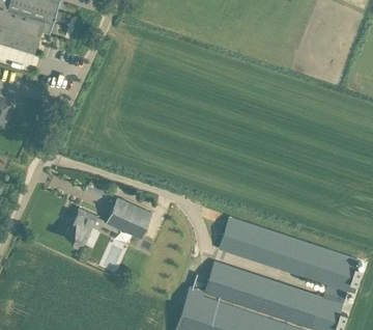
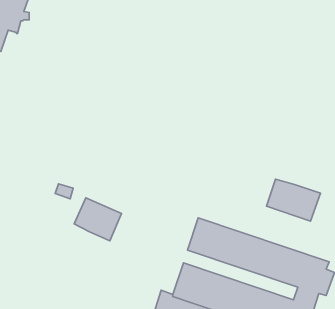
building: none -> [266,179,321,221]
building: [63,208,95,246] -> none

